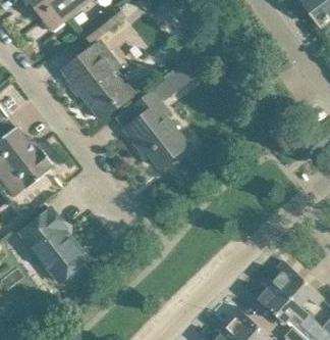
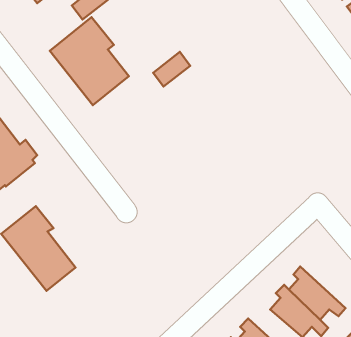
building: [124,92,187,167] -> none

